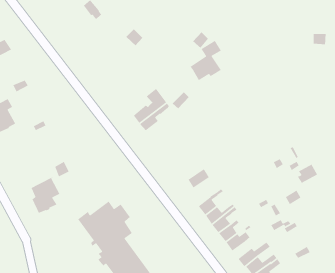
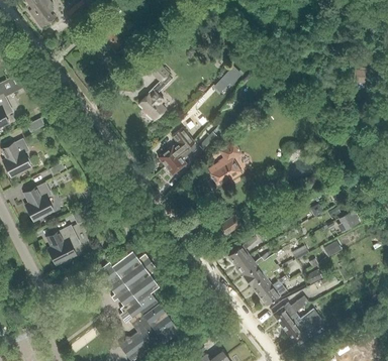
building: [189,40,222,81] -> [207,140,242,186]
building: none -> [139,90,165,120]
building: none -> [22,182,54,222]

